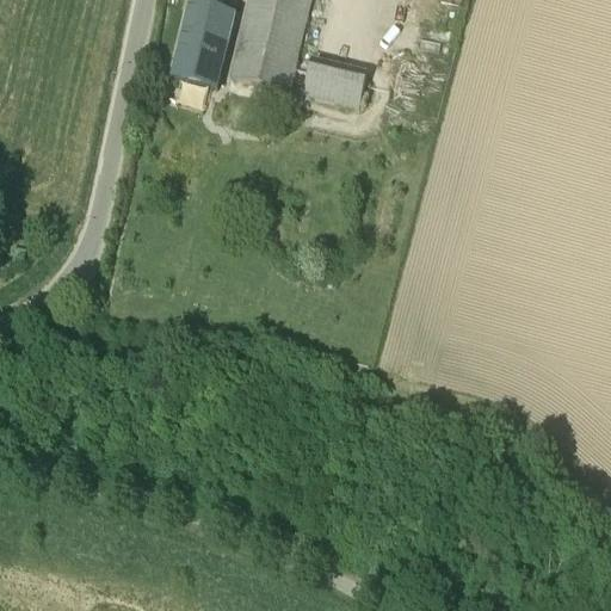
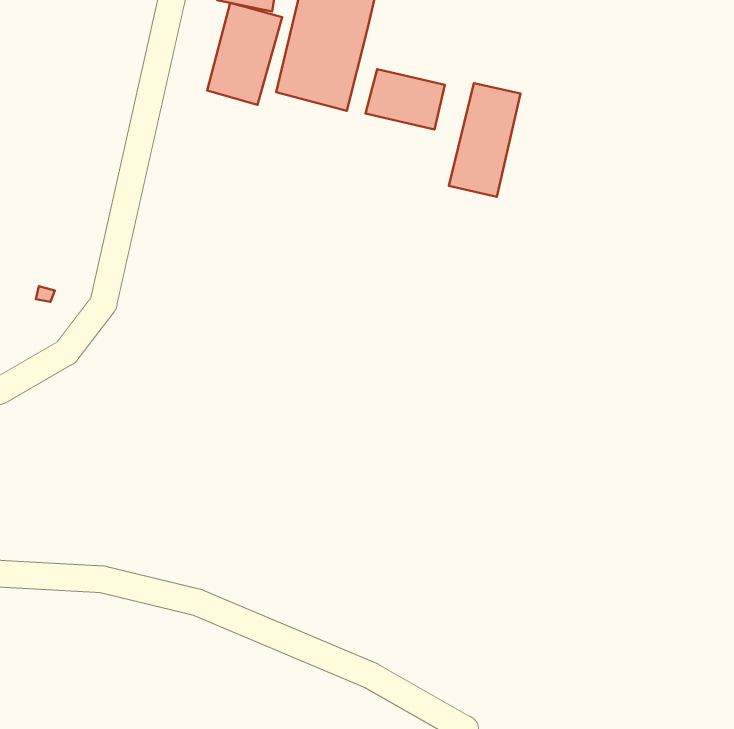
building: none -> [449,83,521,197]

